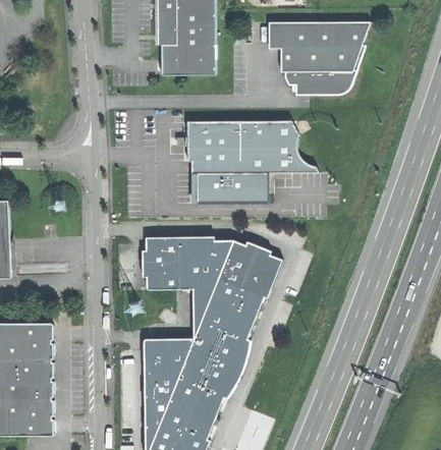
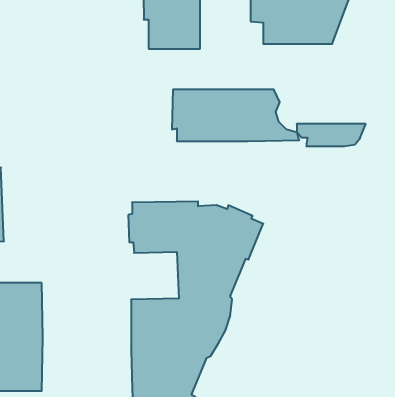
building: [286,71,359,95] -> [297,124,366,146]
building: [191,173,267,203] -> none

